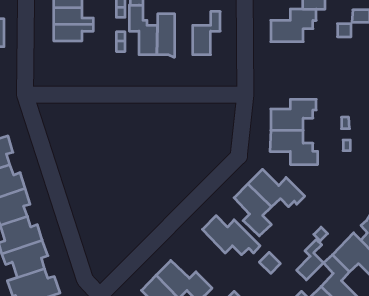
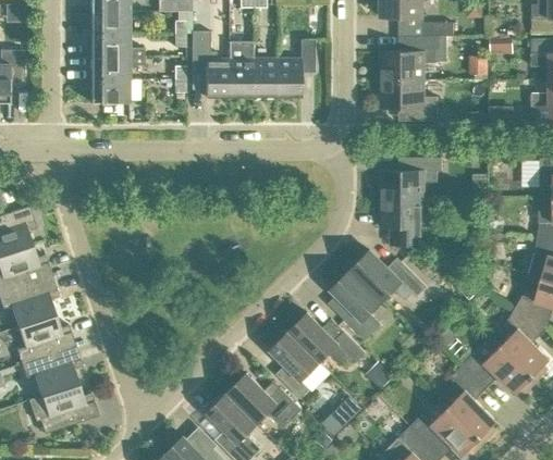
building: none -> [251,58,275,100]
building: none -> [89,78,127,102]
building: none -> [380,79,437,121]
building: none -> [270,331,319,398]
building: [297,240,324,280] -> none

